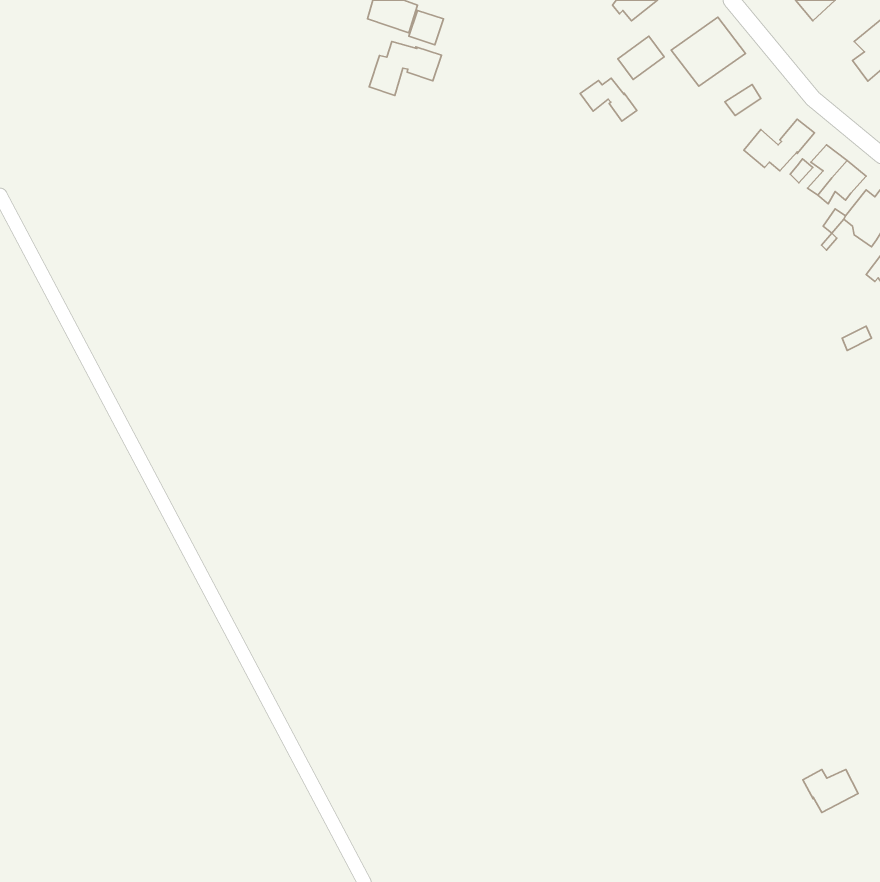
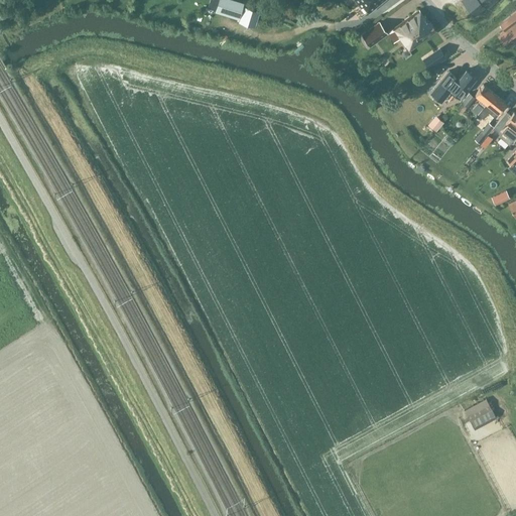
building: [369,42,442,95] -> none
building: [580,78,637,121] -> none
building: [803,769,858,813] -> [465,404,497,429]

